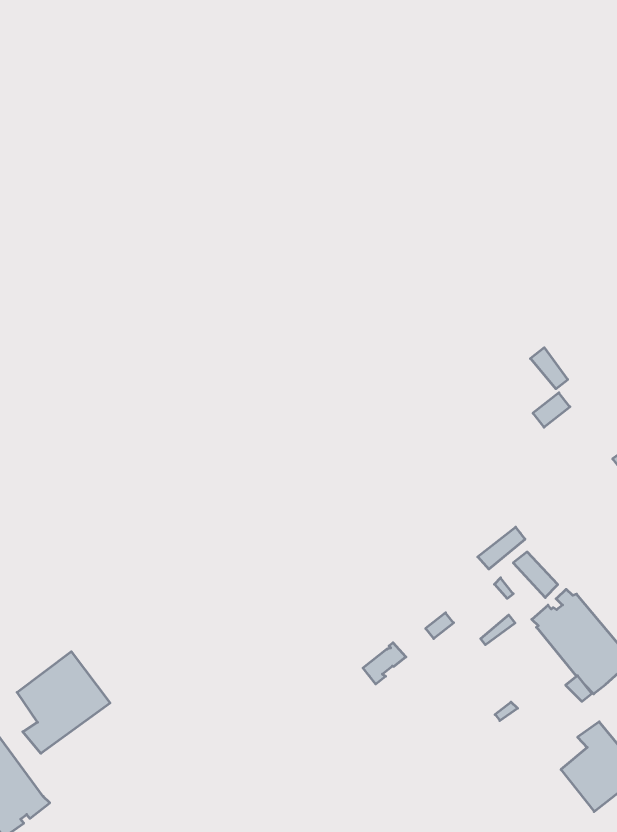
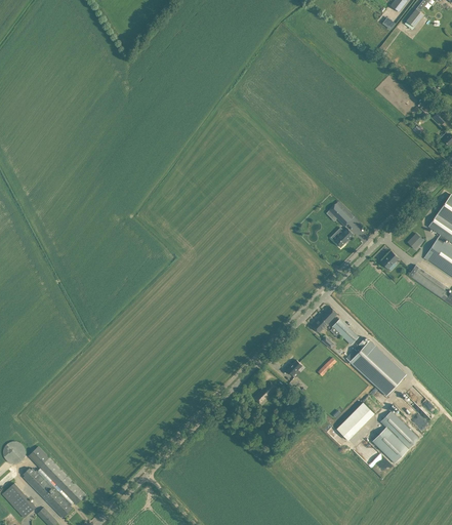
building: [17,652,110,753] -> none
building: none -> [336,402,374,440]

